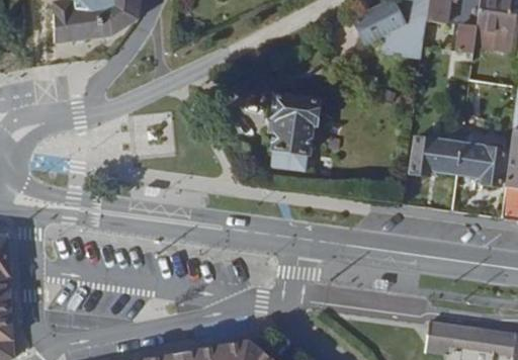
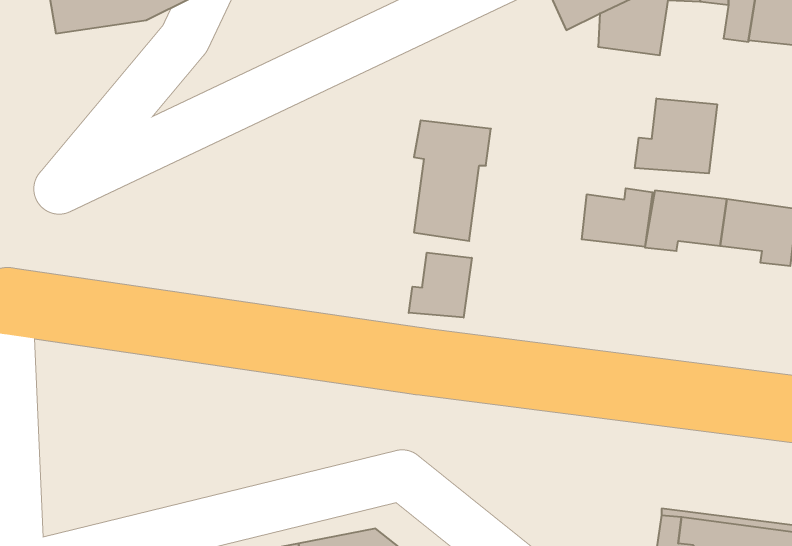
building: none -> [635,98,717,173]
building: none -> [582,188,653,247]
building: none -> [409,253,472,318]

